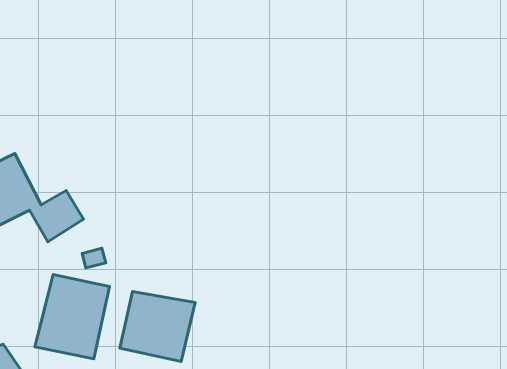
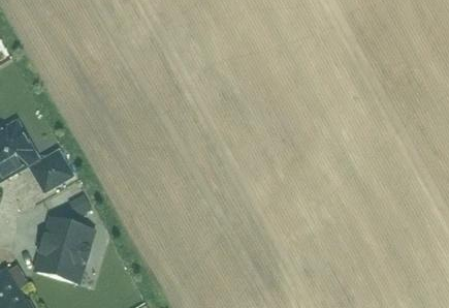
building: [120,291,195,361] -> none

